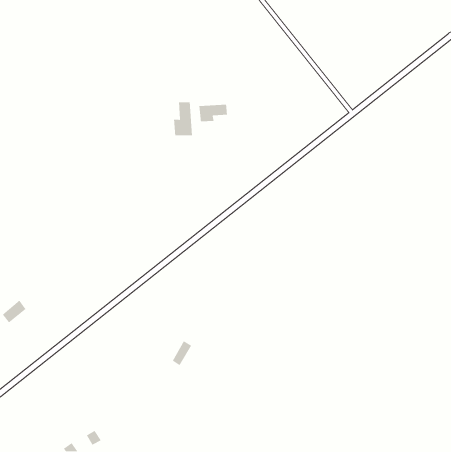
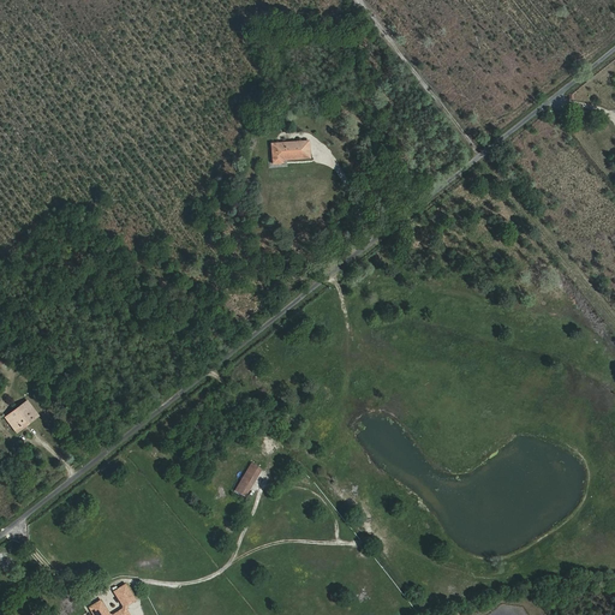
building: [173,101,193,136] -> none

